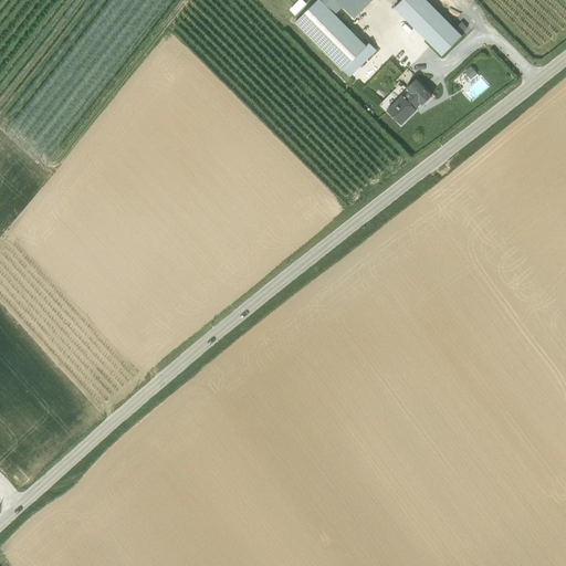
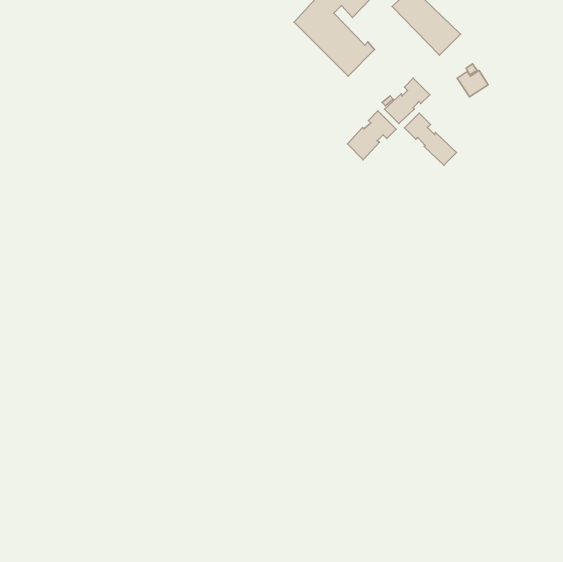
building: none -> [347,111,396,160]
building: none -> [405,113,456,165]

